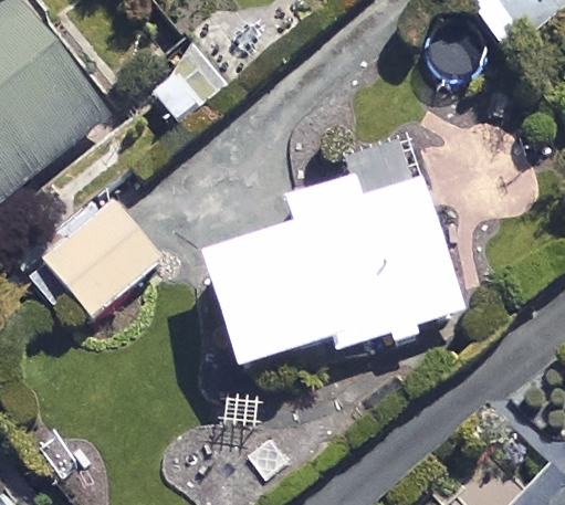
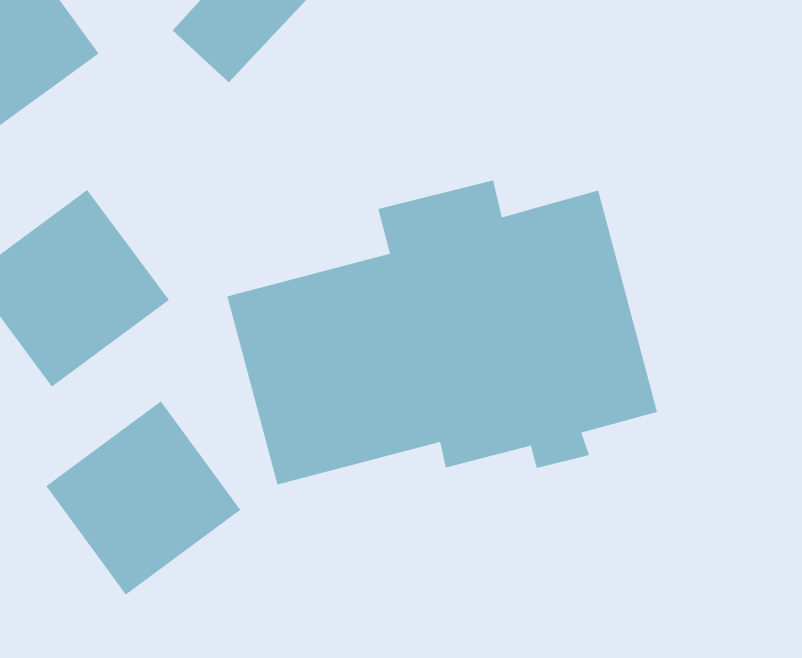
building: none -> [46,401,241,595]

